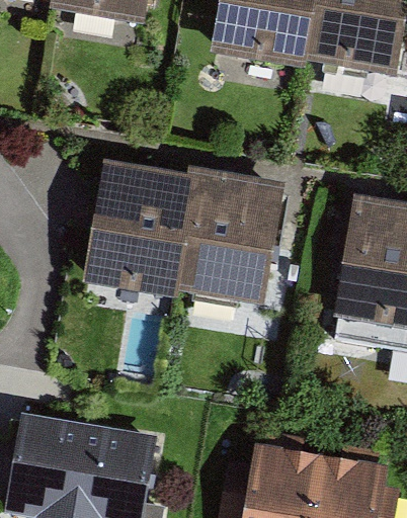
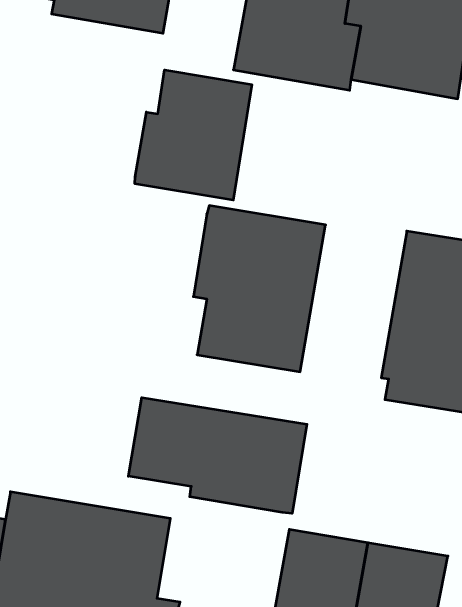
building: none -> [135,70,252,200]
building: [84,166,188,306] -> none
building: none -> [128,398,307,513]

